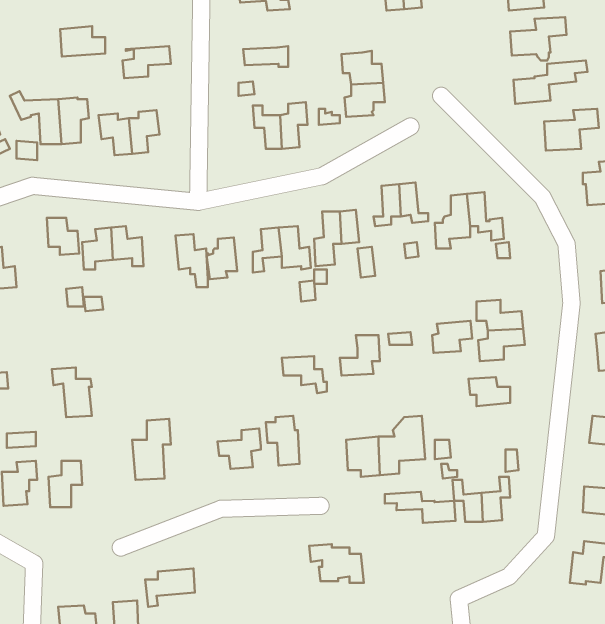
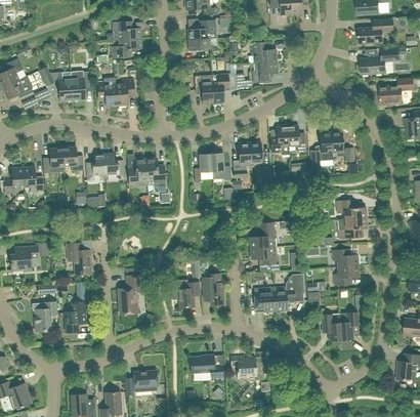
building: none -> [186,19,216,40]
building: [60,26,105,57] -> [112,20,140,40]
building: none -> [42,148,64,173]
building: [207,237,237,279] -> [127,159,146,185]
building: [432,321,472,353] -> [333,265,359,286]
building: [282,356,327,393] -> [250,247,279,270]
building: [385,492,456,523] -> none
building: none -> [190,355,223,378]

